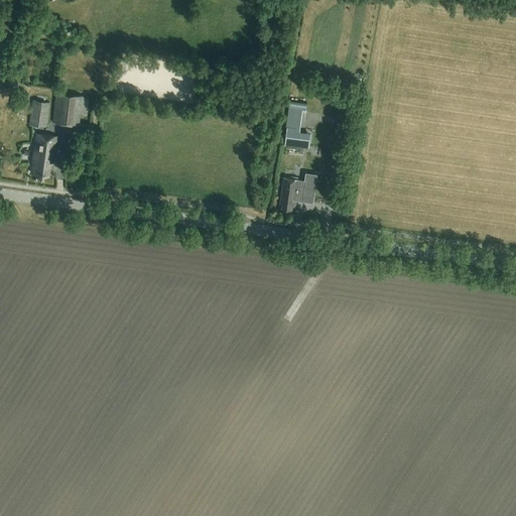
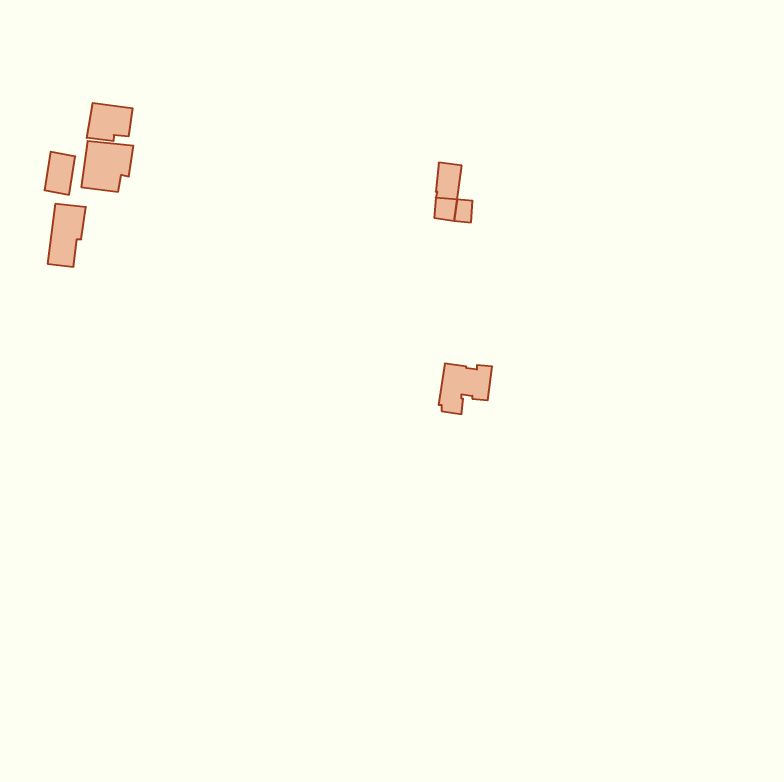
building: none -> [87,103,133,141]
building: [280,178,315,212] -> [439,364,492,414]

